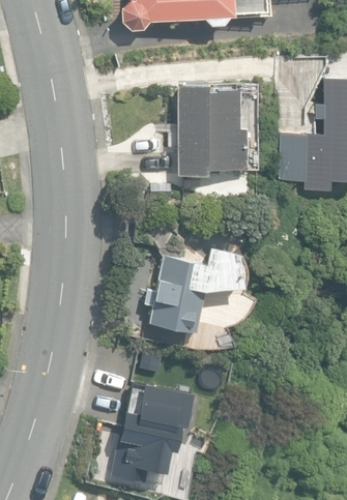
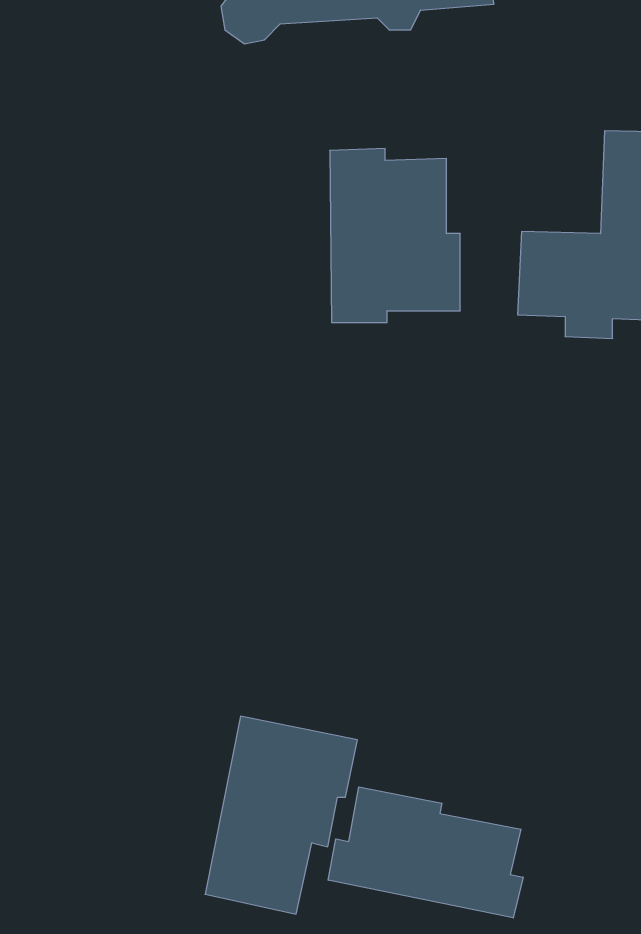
building: [145,243,242,332] -> none
building: none -> [328,787,523,918]

